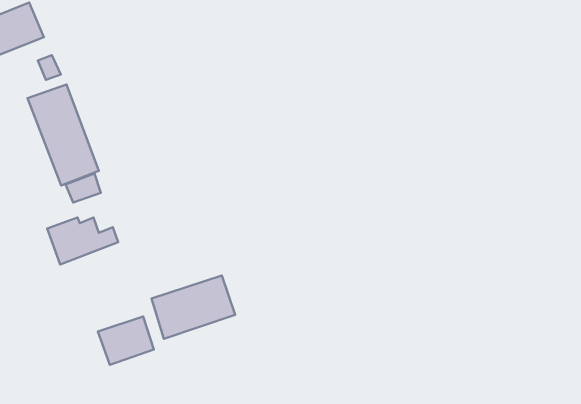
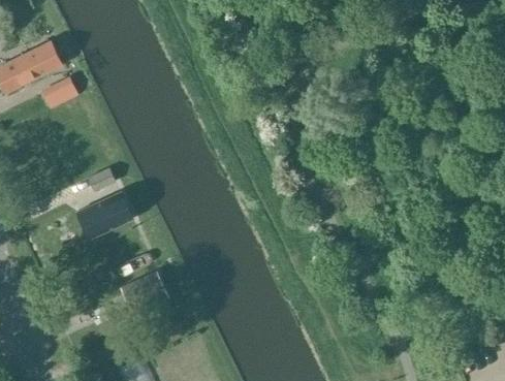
building: [28,84,99,186] -> none
building: [151,276,235,339] -> none

